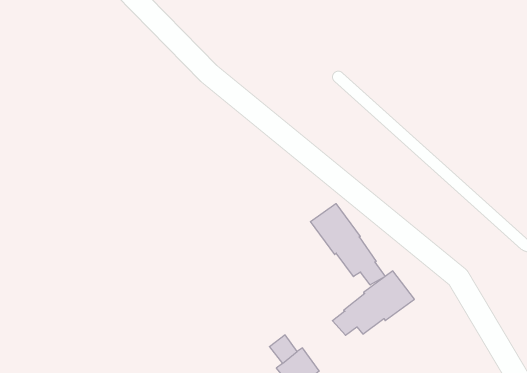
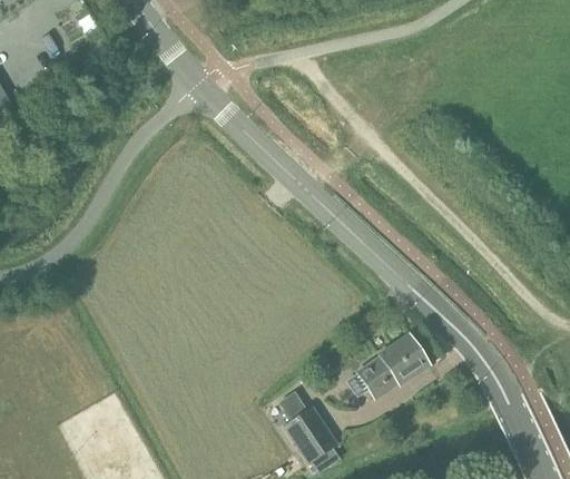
building: [310,204,385,285] -> none

